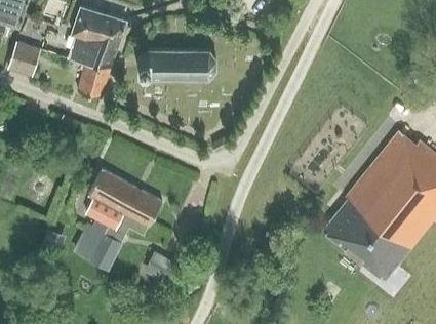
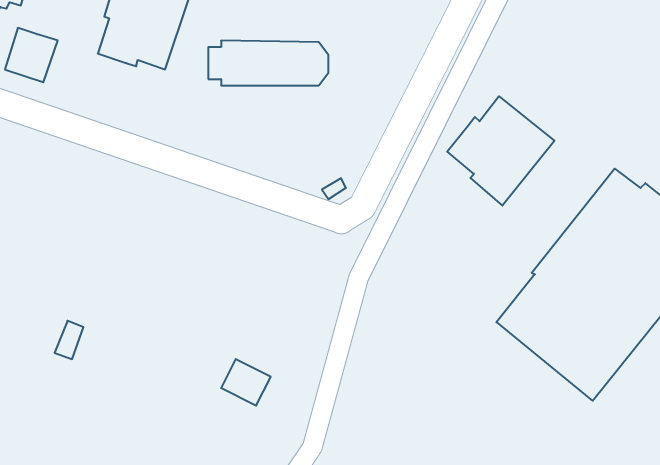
building: [77,62,111,98] -> none
building: none -> [447,96,554,206]
building: [76,169,162,267] -> none

